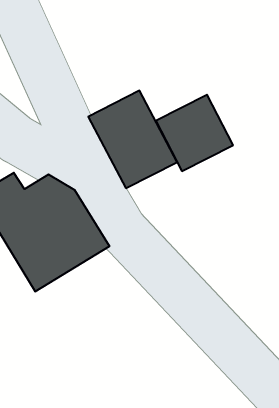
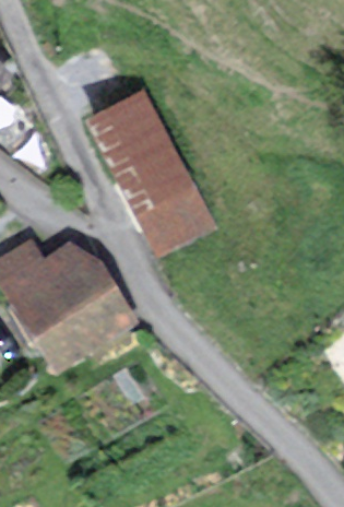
building: [156,95,233,171] -> [85,89,173,175]

